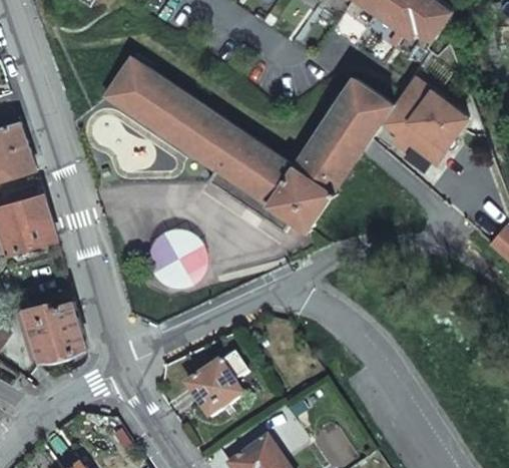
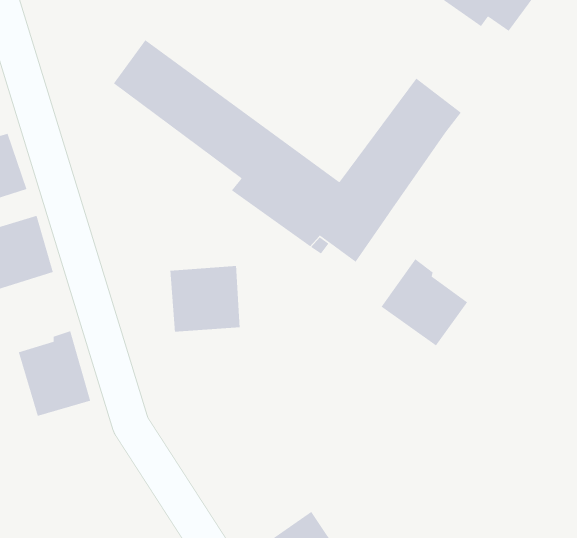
building: [380,79,467,163] -> none
building: none -> [380,258,468,346]
building: [186,361,241,419] -> none

